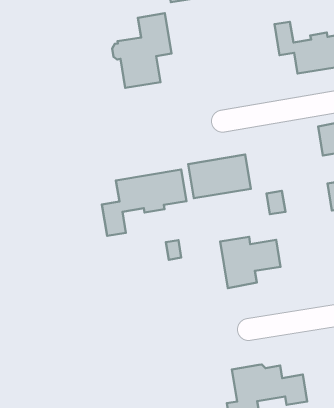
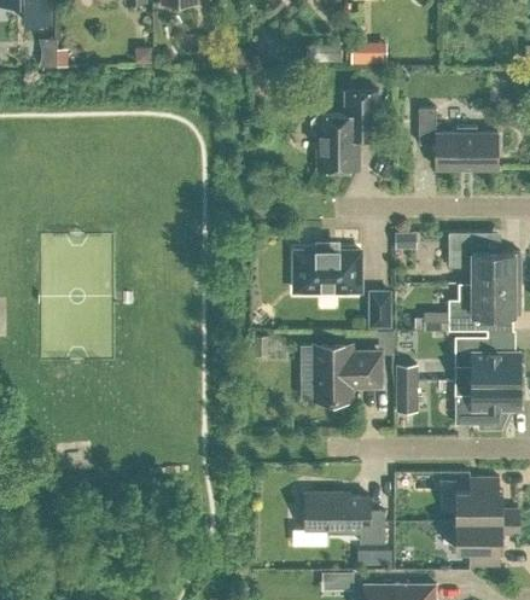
building: [112,13,172,88] -> [310,92,377,169]
building: [102,170,186,236] -> none
building: none -> [396,366,417,410]

